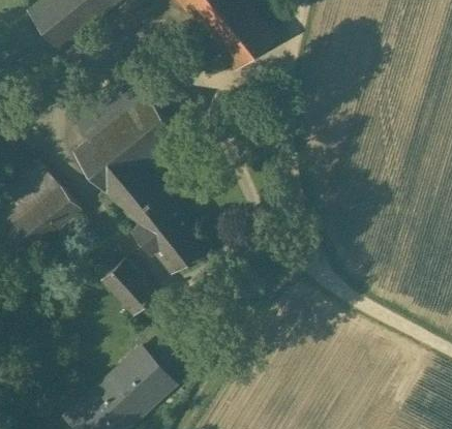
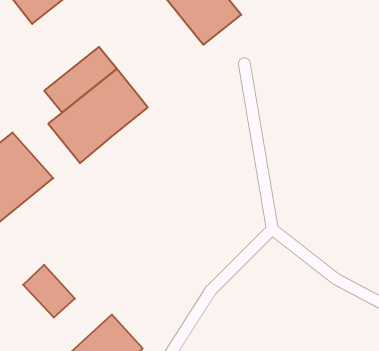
building: [107,167,205,275] -> none
building: [101,261,155,315] -> [23,265,75,318]

